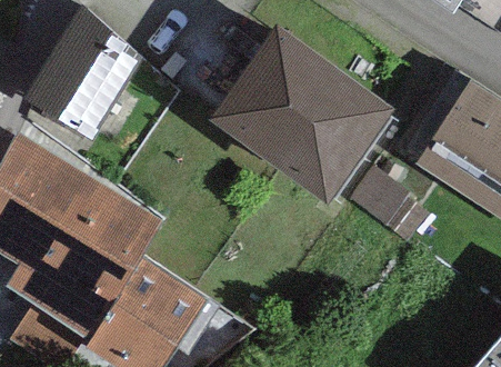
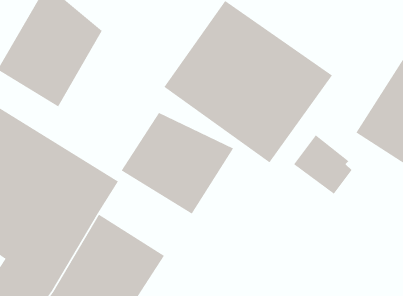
building: none -> [121,112,234,214]

